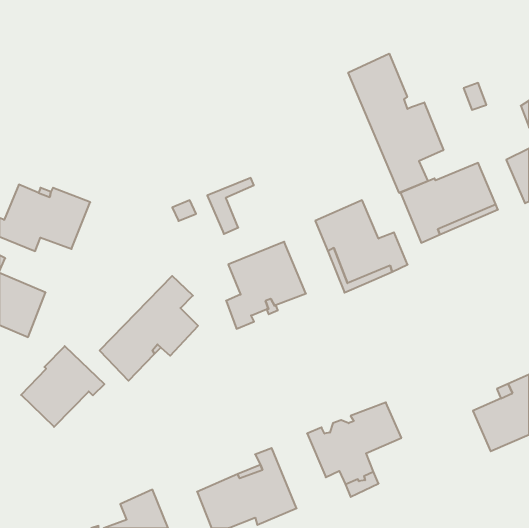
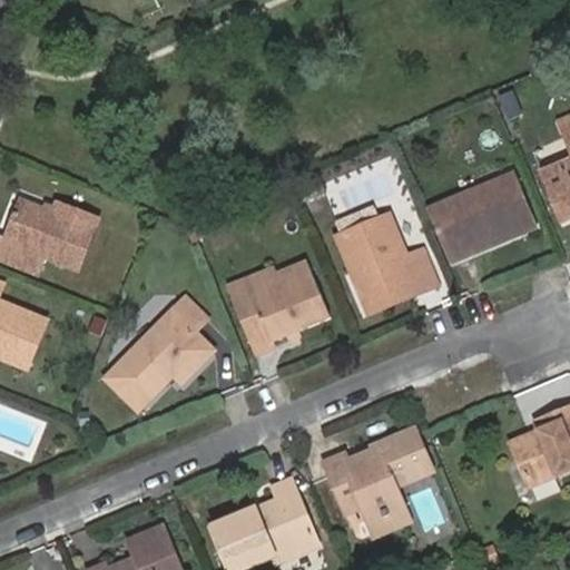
building: [348,54,443,193] -> none
building: [207,178,254,234] -> [225,263,275,323]
building: [21,346,104,427] -> none

